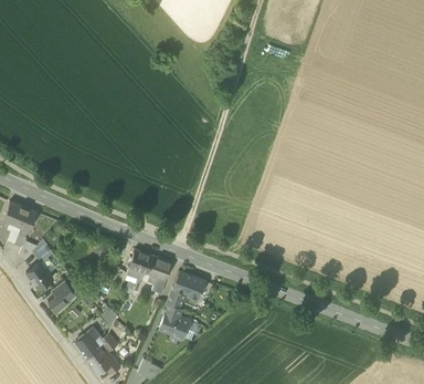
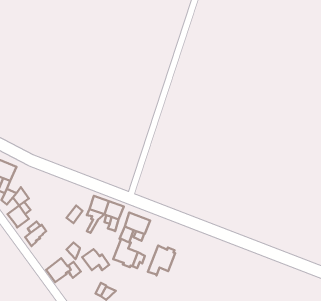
building: none -> [148,246,175,275]
building: [86,346,120,373] -> [82,249,109,270]

